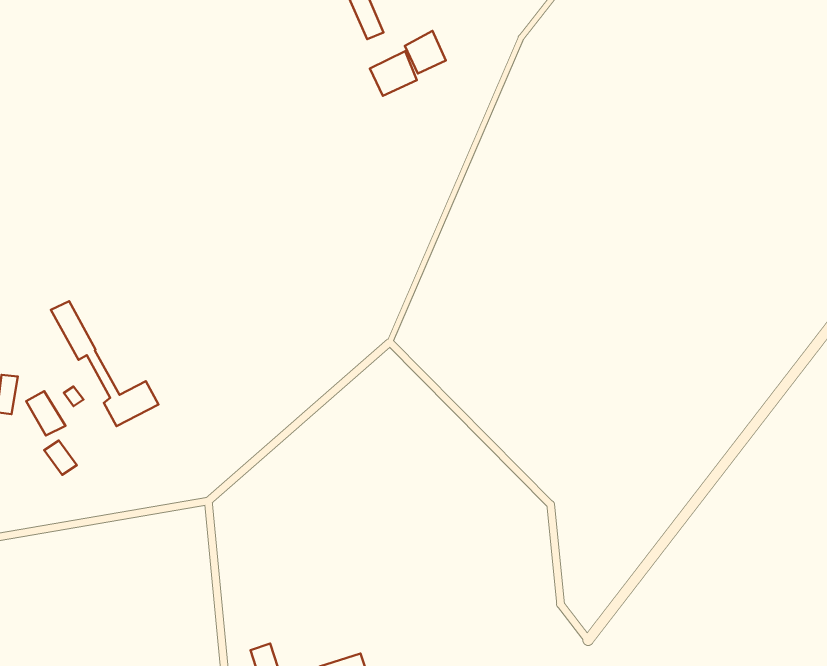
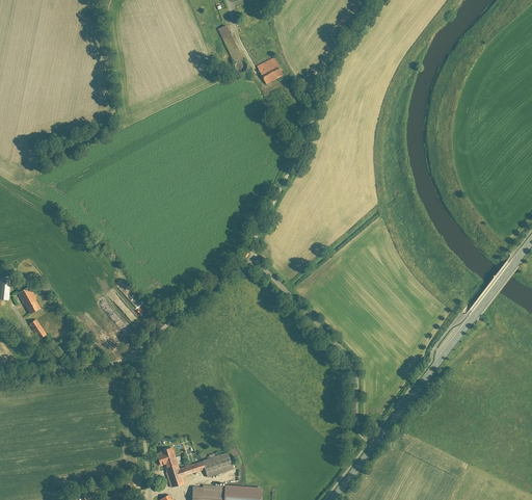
building: [370,51,417,96] -> none
building: [51,301,158,426] -> none

